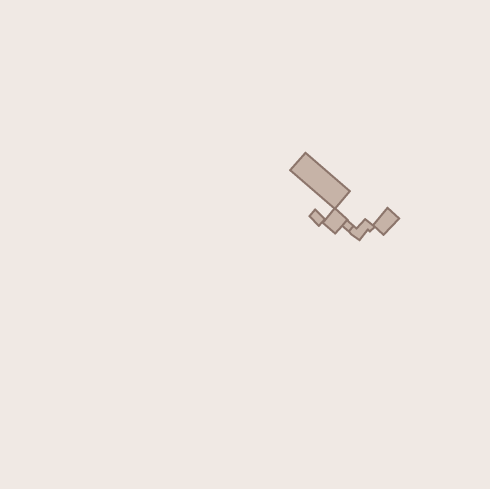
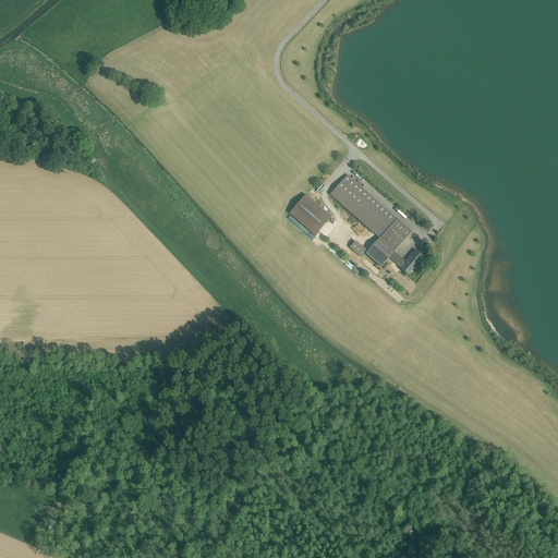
building: none -> [290,193,333,234]
building: [373,208,399,235] -> [380,217,410,247]

